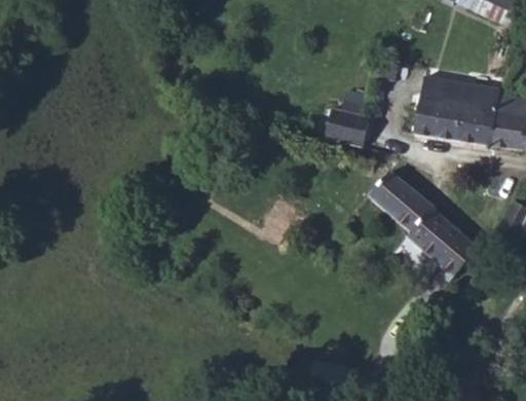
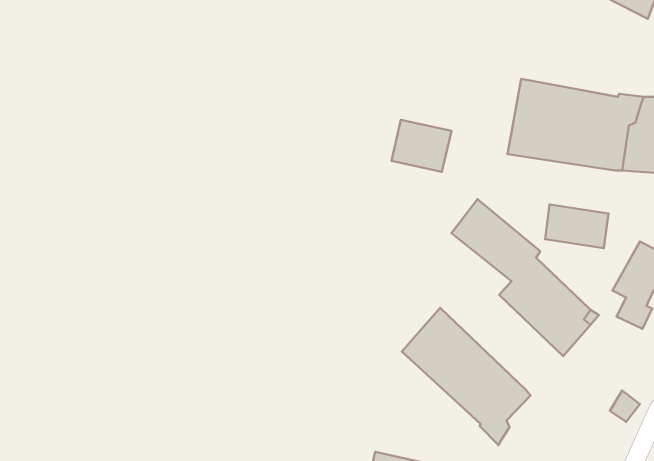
building: none -> [545,205,608,248]
building: none -> [402,308,530,445]

